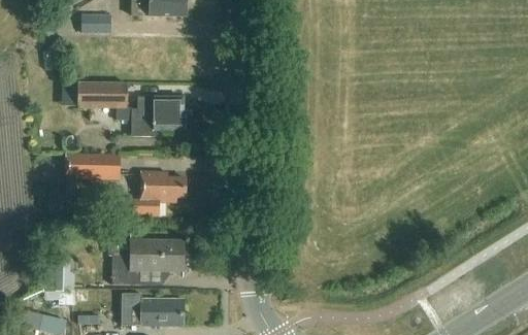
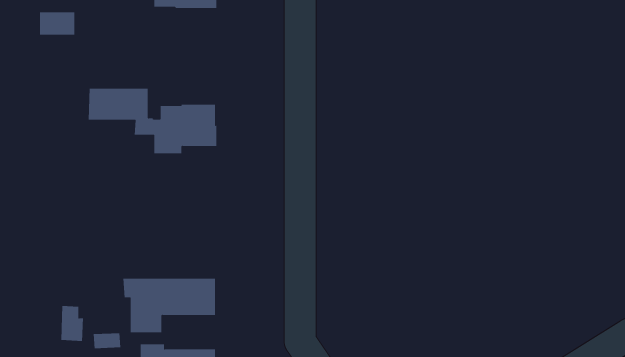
building: [80,13,110,33] -> [39,12,75,35]
building: [64,154,120,179] -> none
building: [128,171,184,214] -> none

